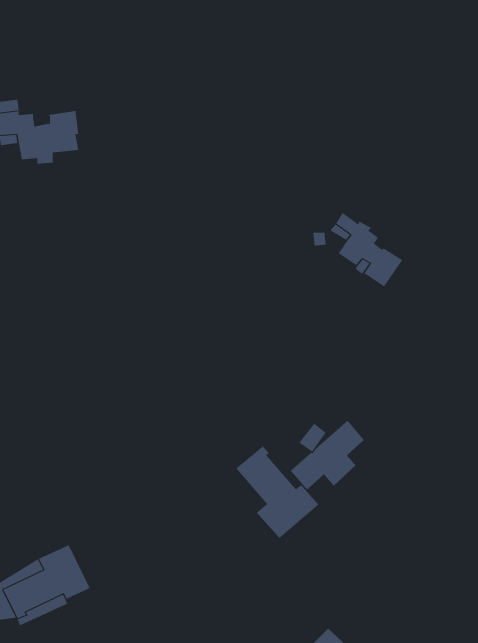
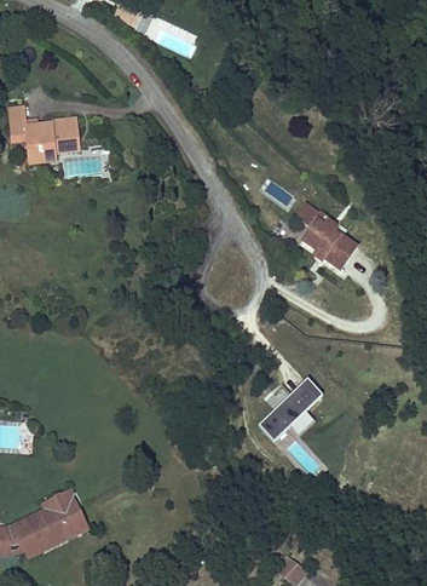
building: [236,445,319,539] -> none

